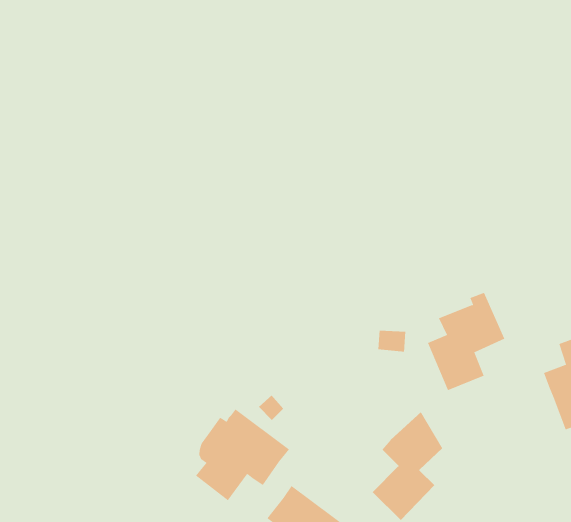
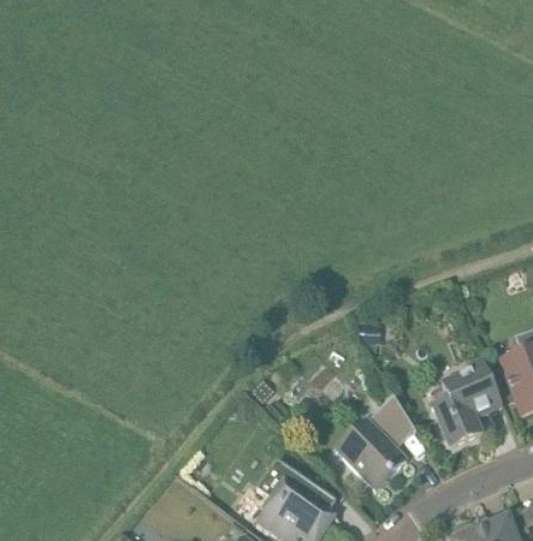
building: [427,292,505,391] -> [431,358,499,445]
building: [195,409,290,501] -> none

